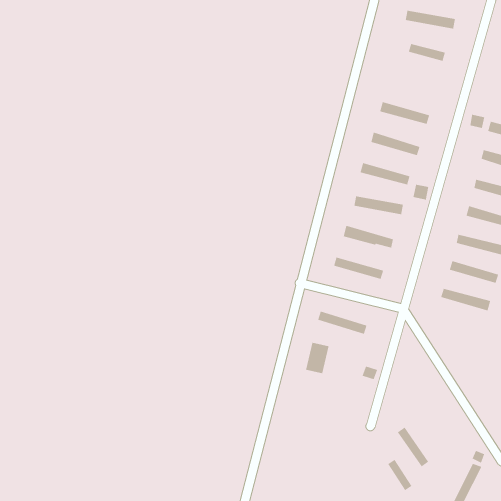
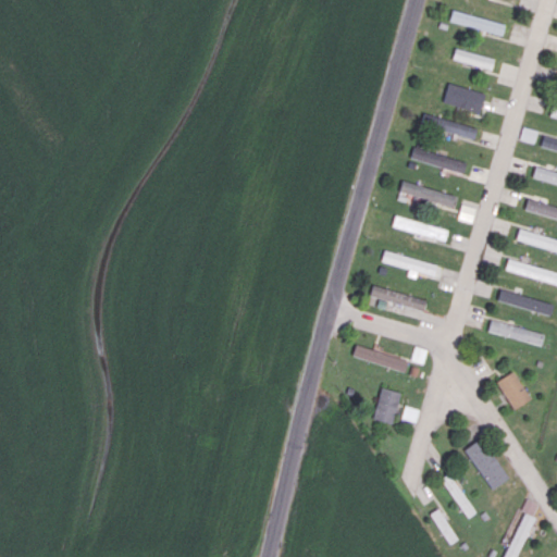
building: none -> [444,84,486,114]
building: none -> [496,371,531,410]
building: [305,342,330,374] -> [373,388,400,424]
building: none -> [465,438,509,490]

